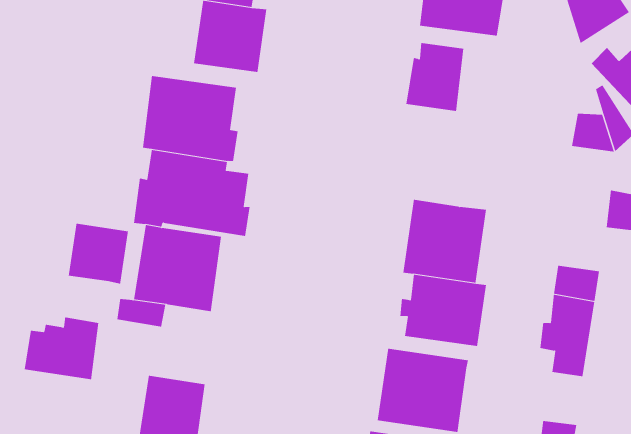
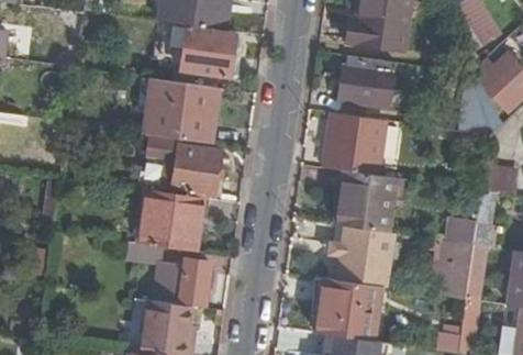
building: none -> [323,113,385,176]
building: [68,223,128,284] -> none
building: [24,317,99,380] -> [156,258,211,304]

